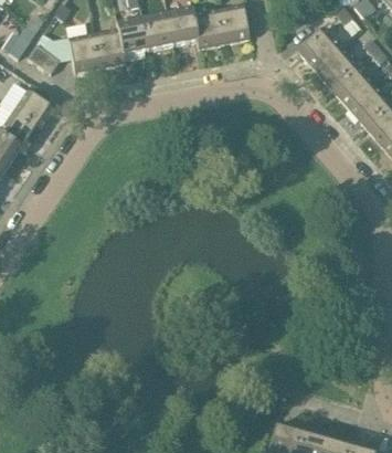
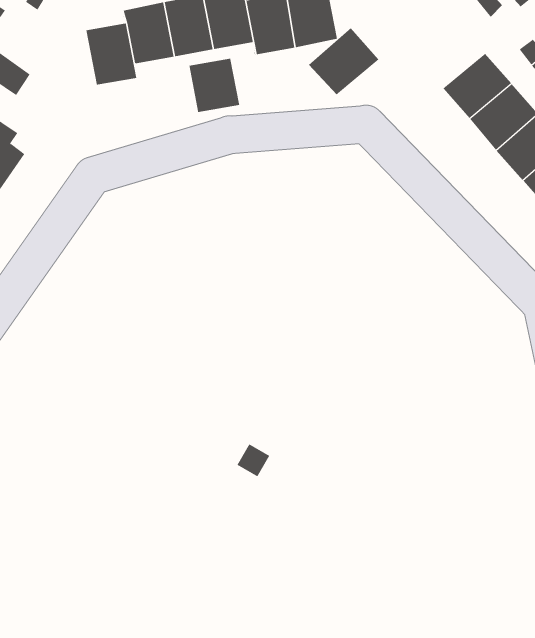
building: [295,28,339,70] -> [308,28,379,95]
building: [65,33,97,73] -> none
building: none -> [189,58,240,113]

